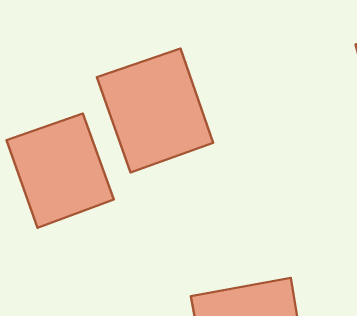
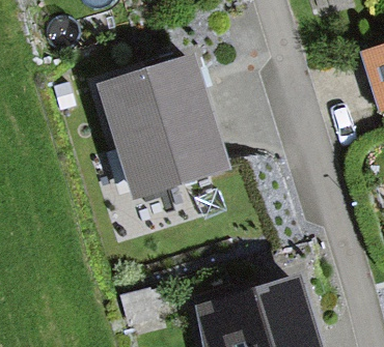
building: [6,113,114,228] -> none

